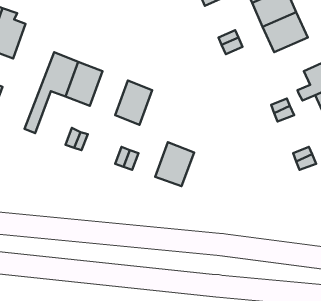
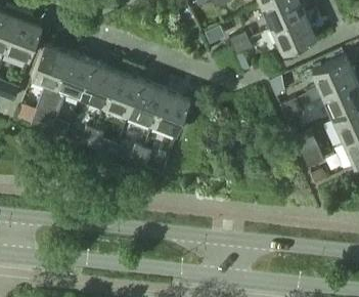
building: none -> [31,44,70,128]
building: none -> [104,72,141,115]
building: [155,142,194,186] -> [152,90,190,133]

